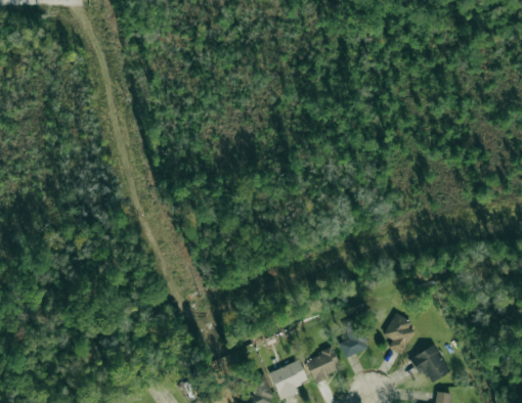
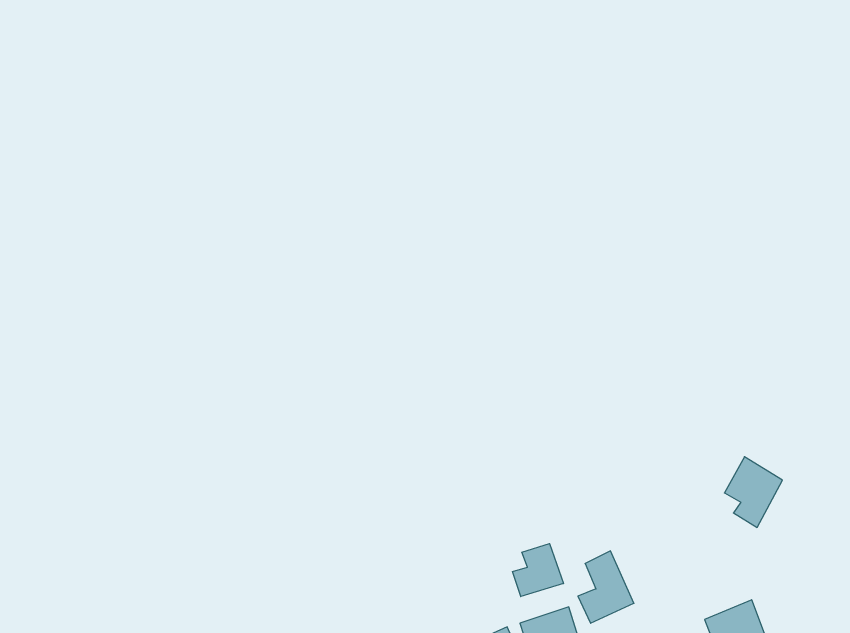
building: none -> [512,544,563,597]
building: [384,314,417,354] -> [724,457,782,527]

